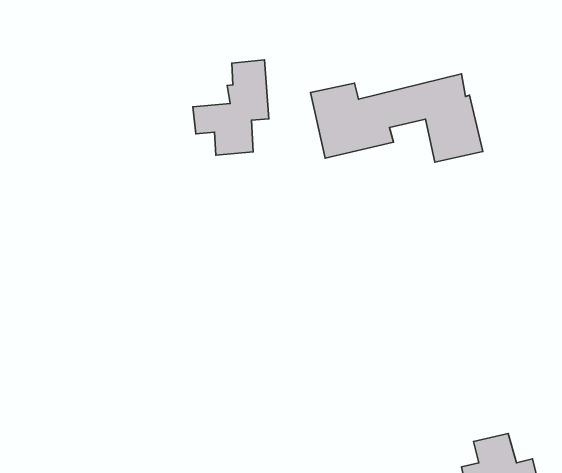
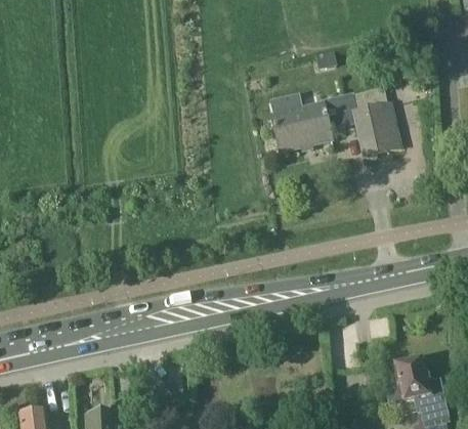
building: [193,60,269,155] -> none

